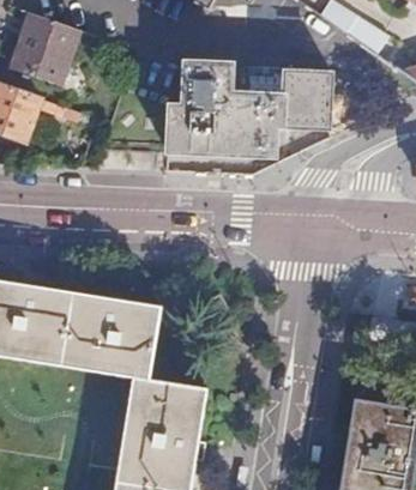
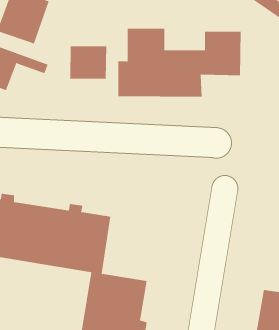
building: none -> [70,45,107,80]

